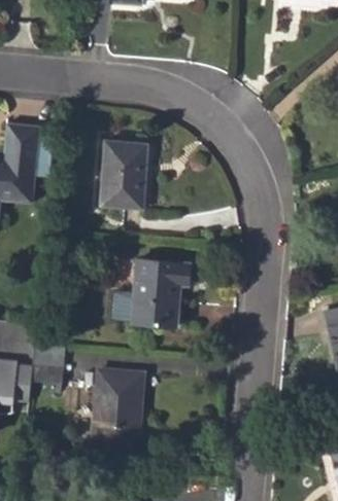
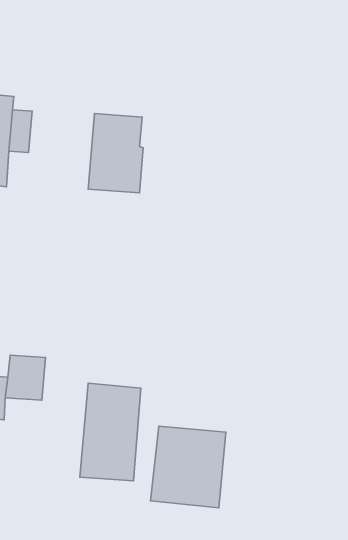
building: [132,258,192,326] -> none
building: none -> [151,426,226,508]

